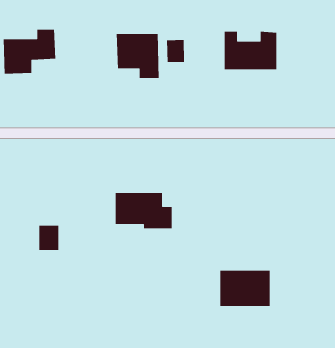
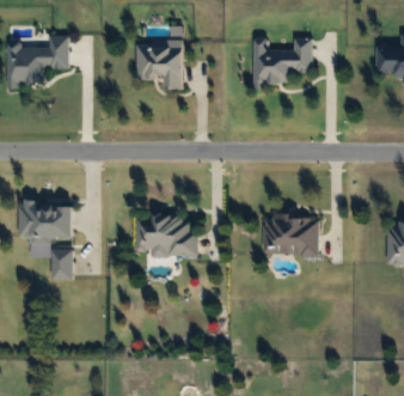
building: [166,39,185,63] -> none
building: none -> [18,201,73,238]
building: [219,270,271,307] -> [262,215,318,256]

